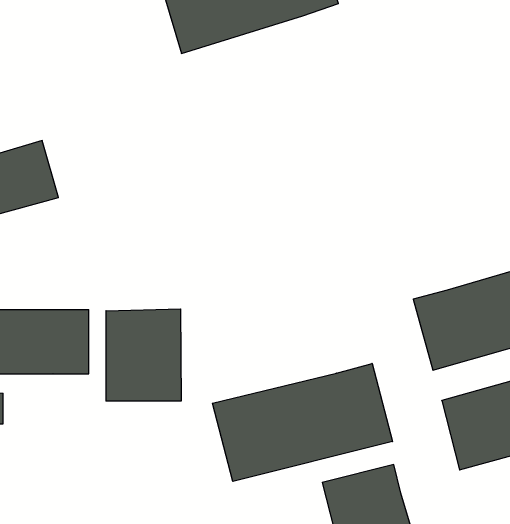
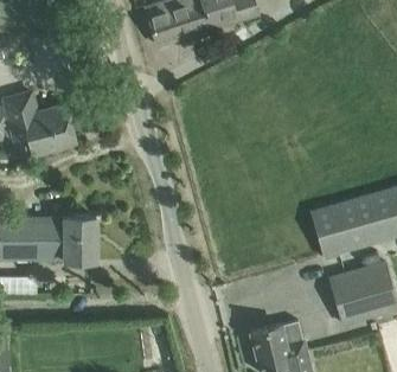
building: [106,309,181,401] -> none
building: [212,363,392,481] -> none

